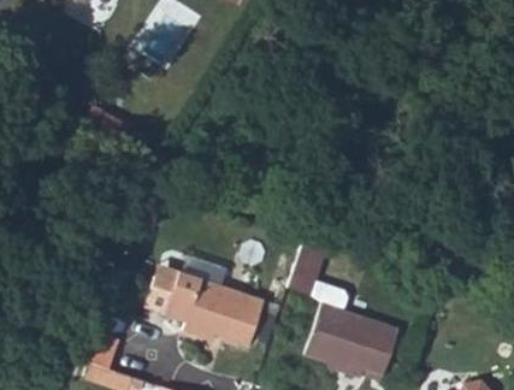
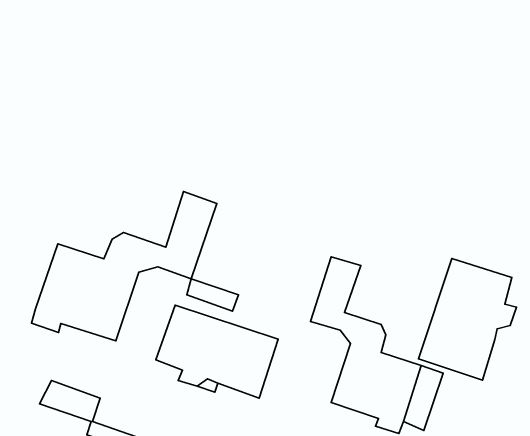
building: none -> [31,191,217,341]
building: none -> [418,259,517,380]

